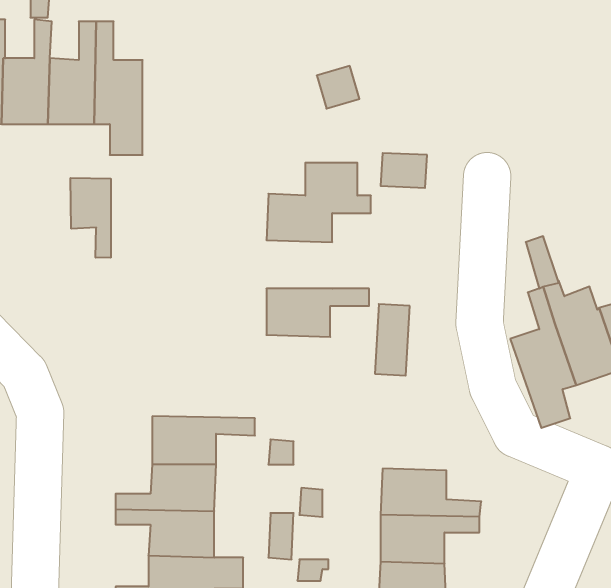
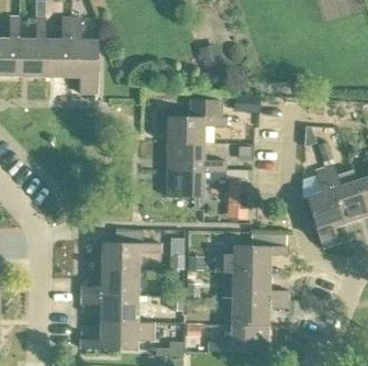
building: [71,178,111,258] -> none
building: none -> [168,142,226,169]
building: none -> [218,244,290,273]

